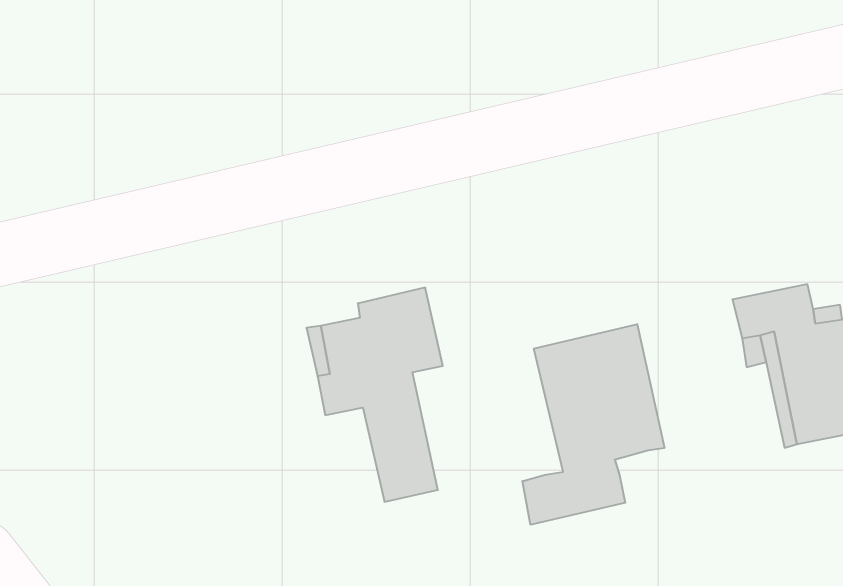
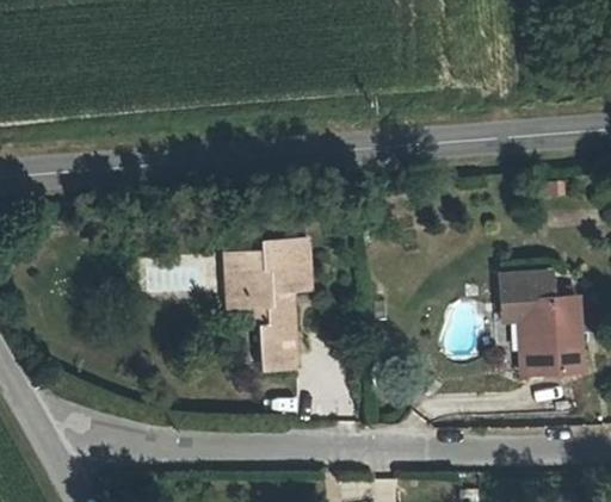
building: [522,324,664,525] -> none

